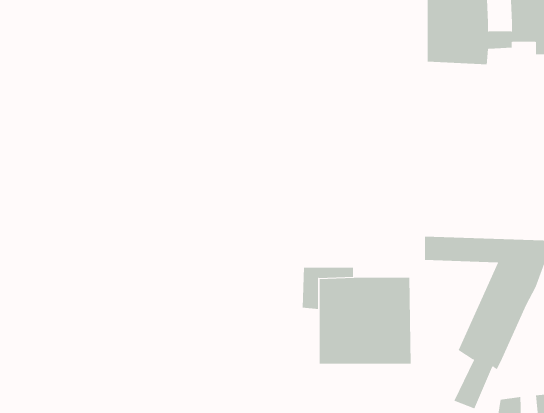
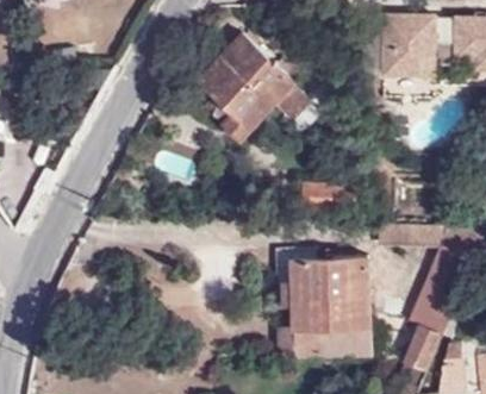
building: none -> [197,35,306,143]
building: none -> [291,331,369,358]

